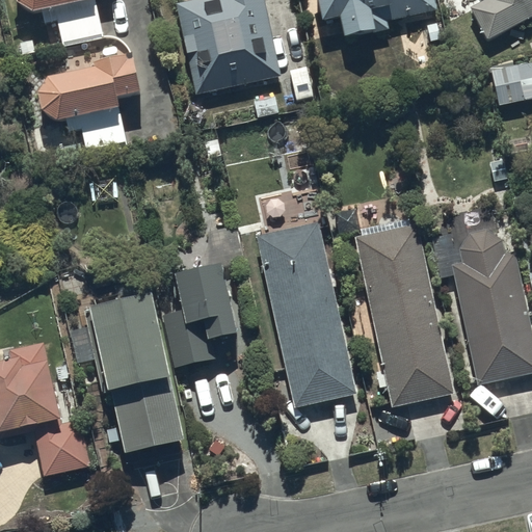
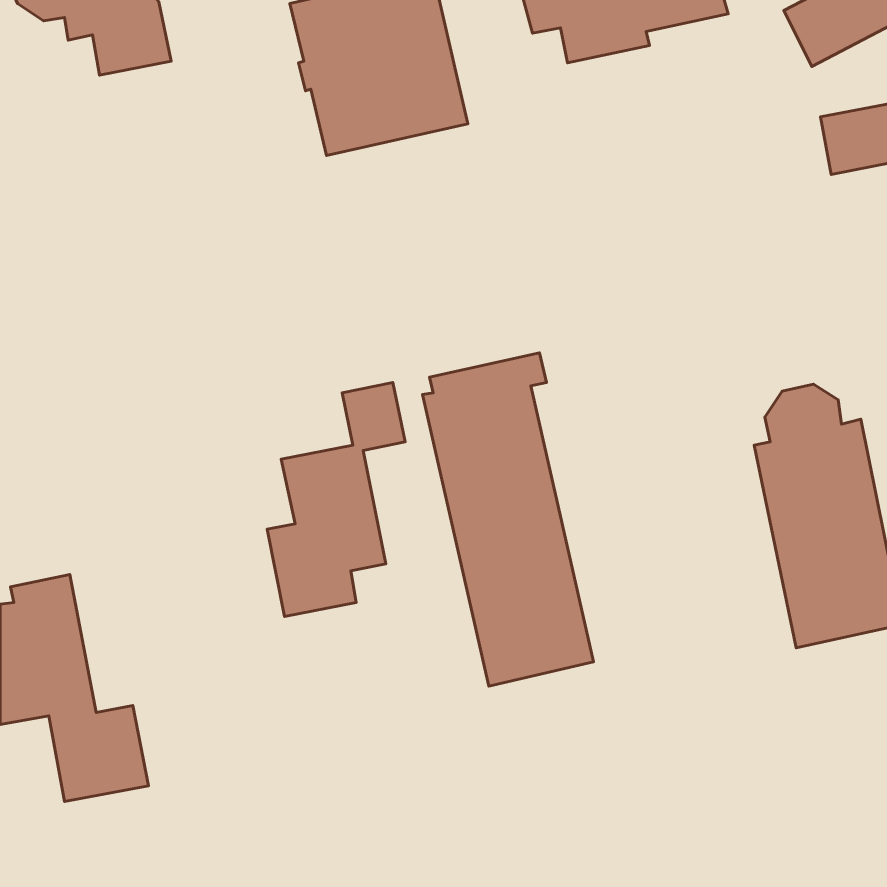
building: [34,54,143,149] -> none
building: [335,209,453,405] -> none
building: [68,295,182,463] -> none

